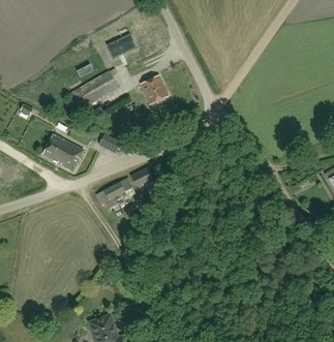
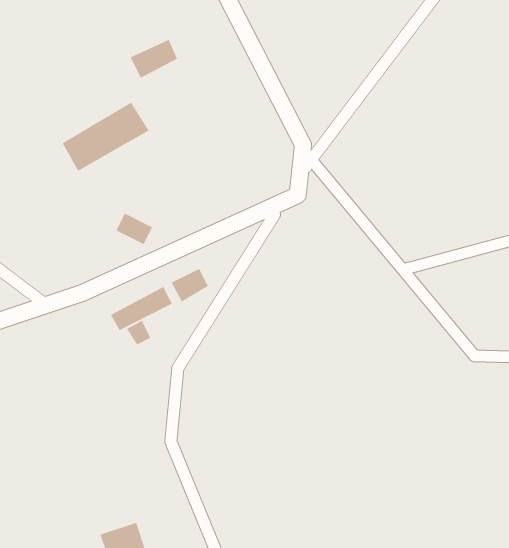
building: [140,75,169,105] -> none
building: [42,134,83,169] -> none

